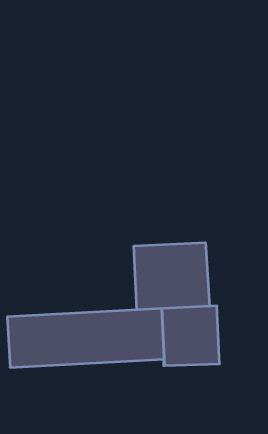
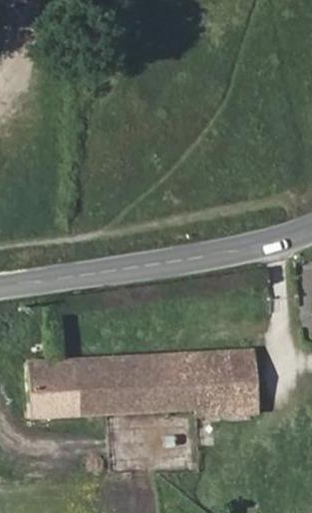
building: [134,243,209,310] -> none

